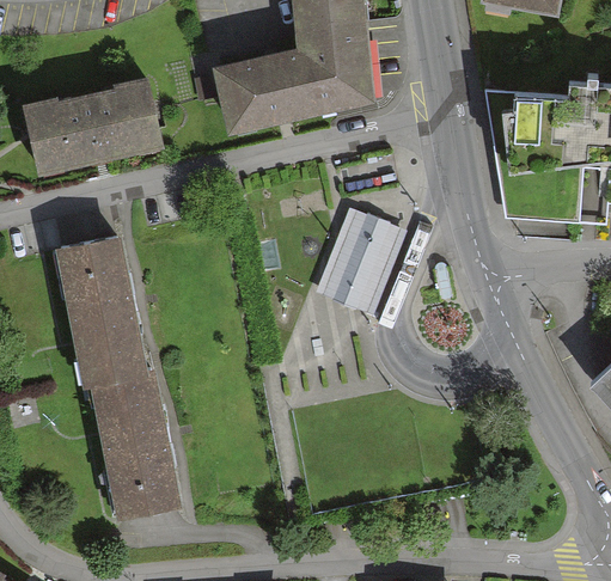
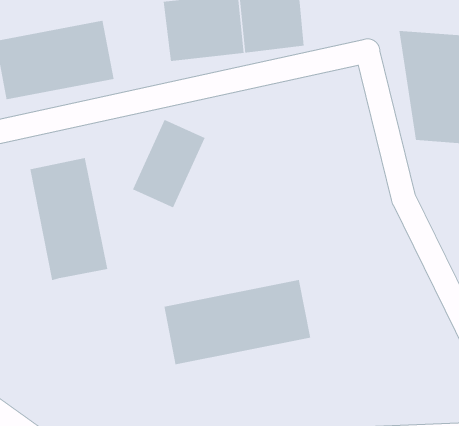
building: [318,209,403,312] -> [132,119,206,208]
building: [93,367,182,516] -> none
building: none -> [164,279,311,365]

